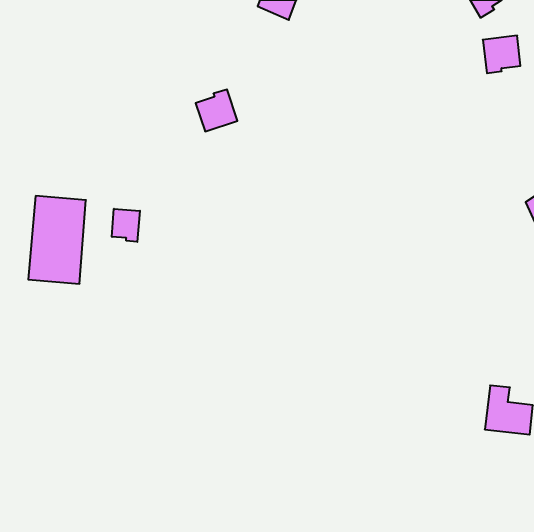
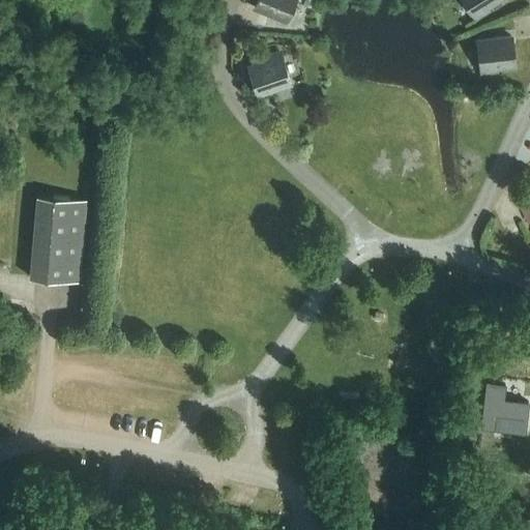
building: [196,89,237,131] -> [249,55,291,96]
building: [112,209,140,242] -> none

